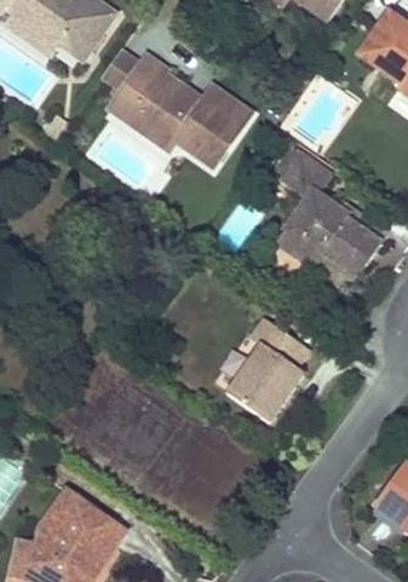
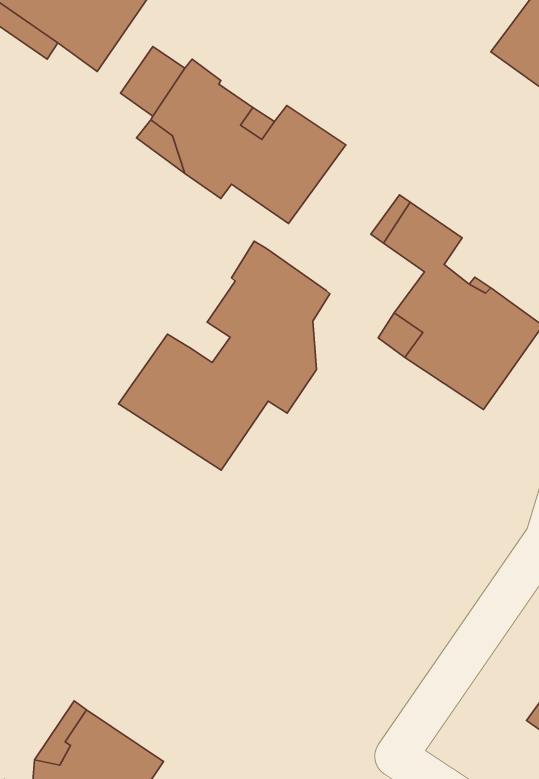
building: none -> [119,241,330,470]
building: [236,316,323,426] -> none

